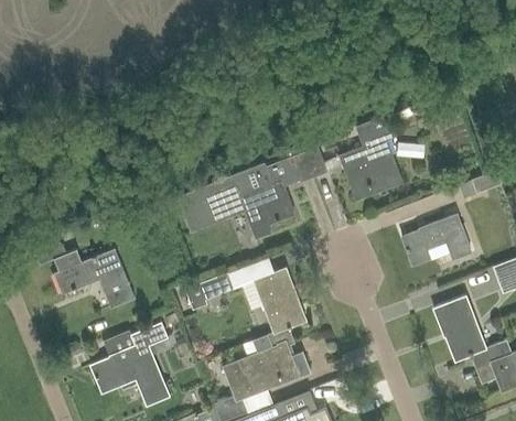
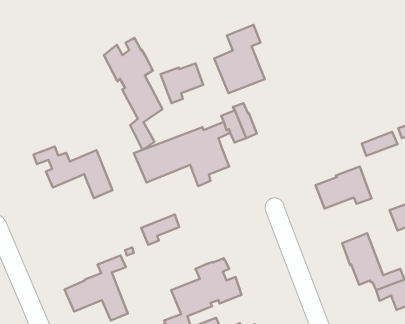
building: none -> [104,38,162,150]
building: none -> [161,63,203,103]
building: [340,114,402,198] -> [214,25,265,93]
building: [36,242,135,306] -> [33,147,113,198]
building: [255,267,305,332] -> none

